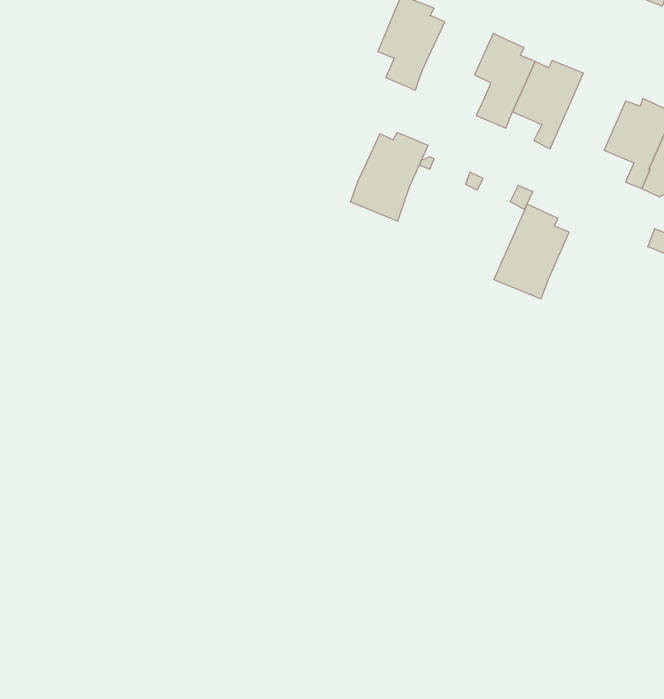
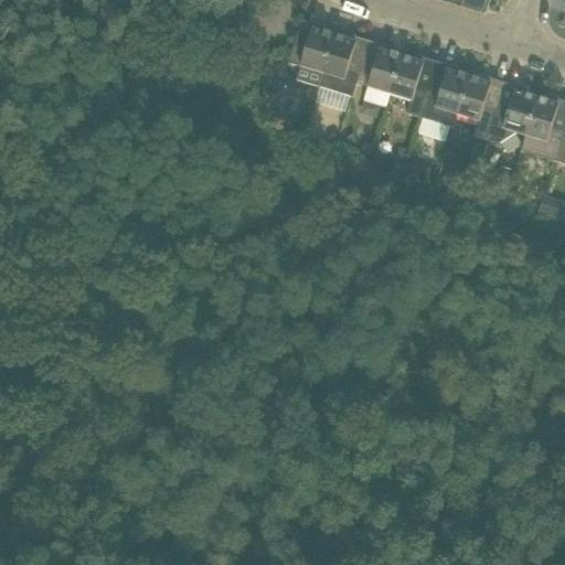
building: [350,133,428,221] -> [320,33,371,96]
building: [494,204,569,299] -> [420,61,470,127]

